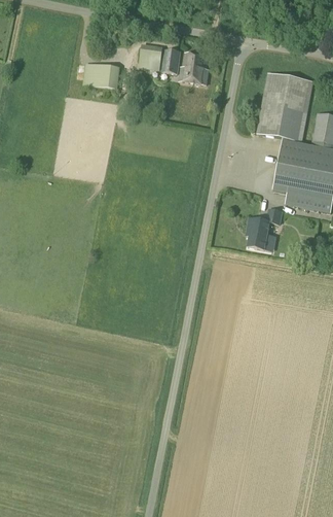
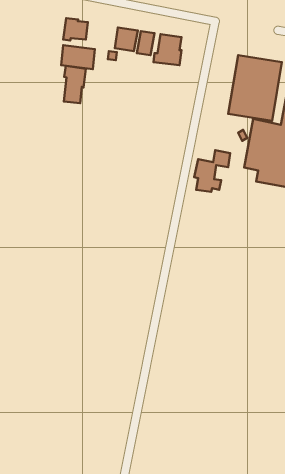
building: none -> [63,18,88,40]
building: none -> [64,66,86,103]
building: [244,210,281,253] -> [194,150,230,192]

